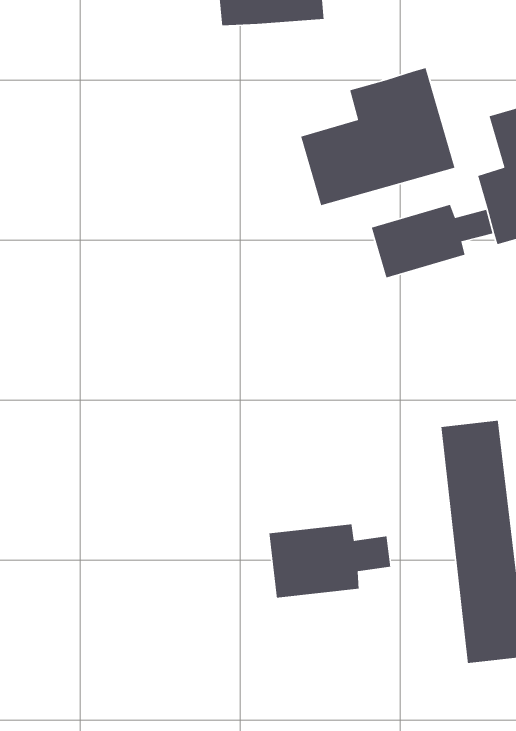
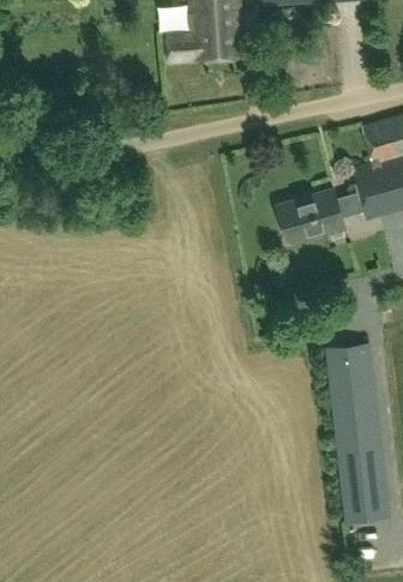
building: [300,67,456,206] -> none
building: [269,523,391,599] -> none

